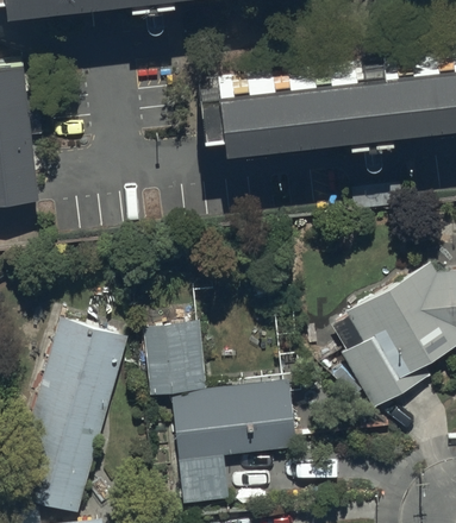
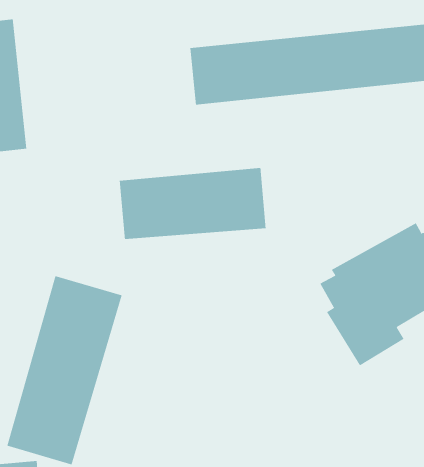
building: none -> [119,167,266,240]
building: [146,328,296,506] -> none

